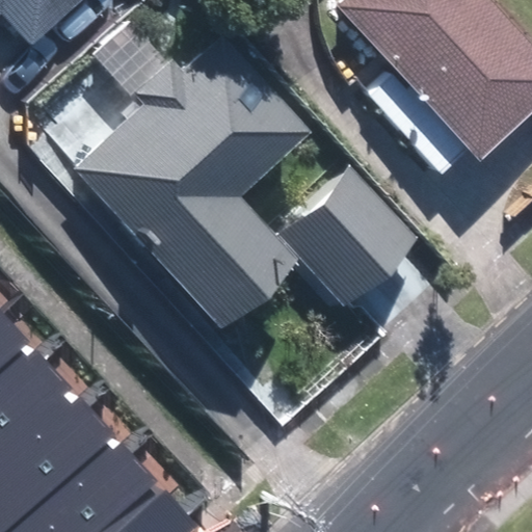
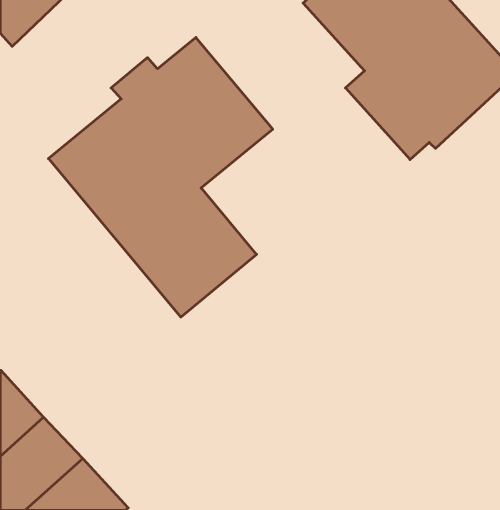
building: [272,161,415,302] -> none

